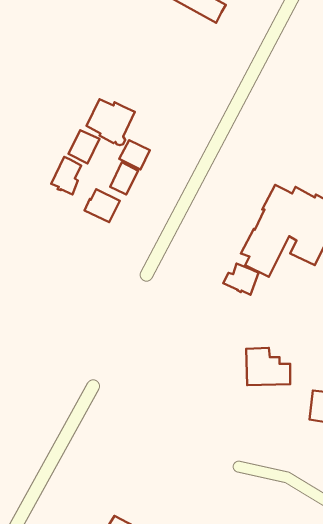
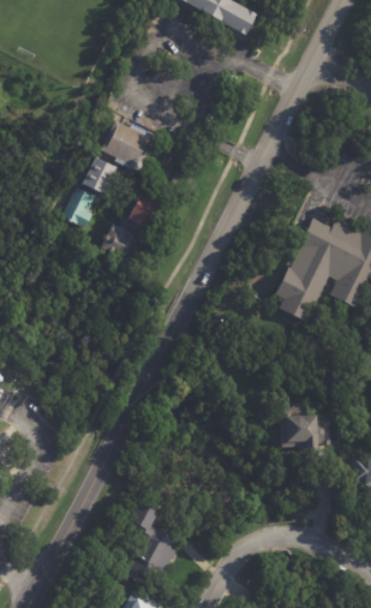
building: [119,140,150,170] -> none
building: [223,264,259,295] -> none
building: none -> [125,499,176,580]

